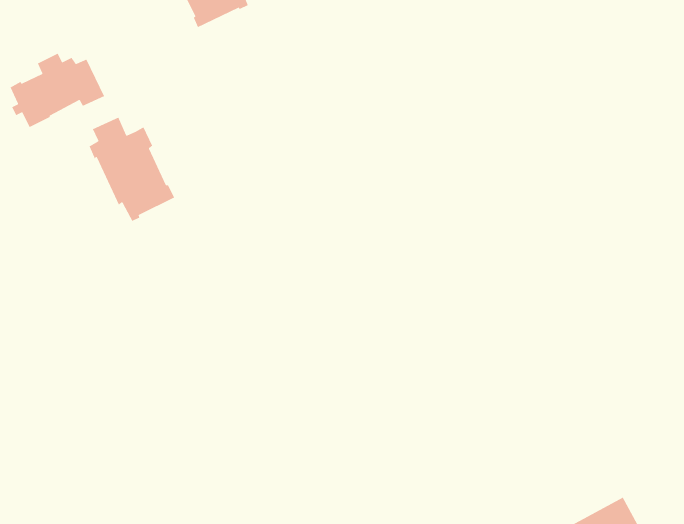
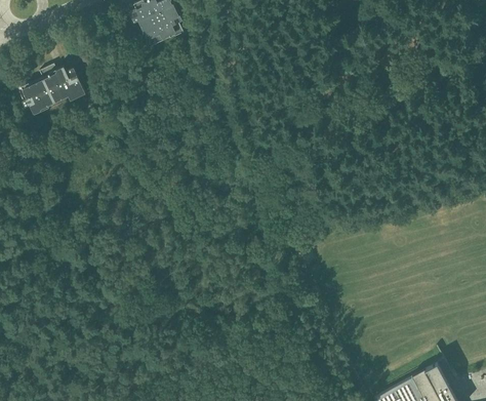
building: [89,116,175,222] -> none

